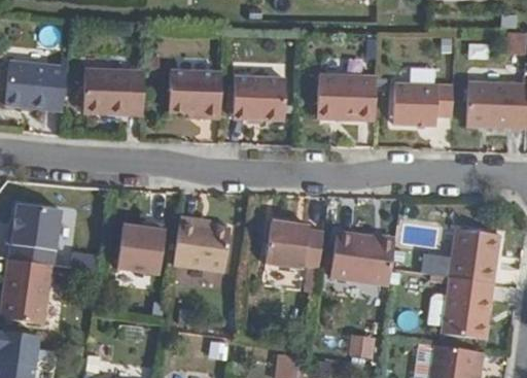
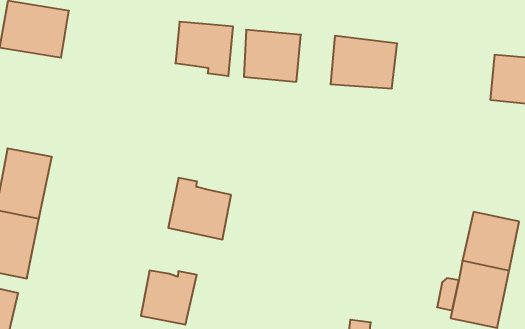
building: [393,68,453,124] -> none
building: [83,69,144,113] -> none
building: [265,219,323,272] -> none
building: [117,222,167,272] -> [141,270,197,325]
building: [330,233,395,285] -> none

